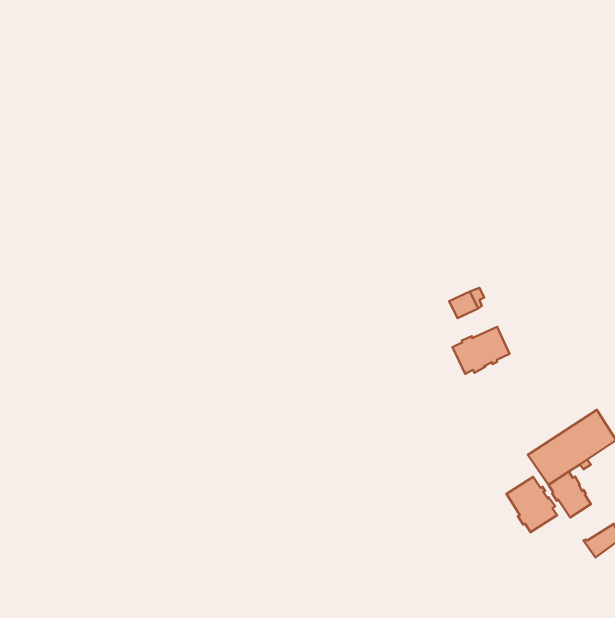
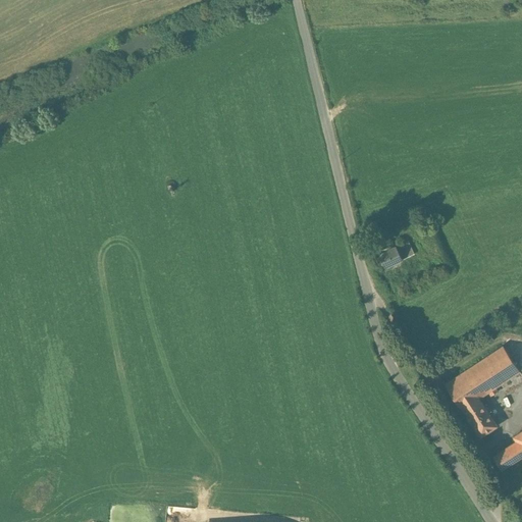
building: [452,327,510,374] -> none
building: [506,477,557,532] -> none

